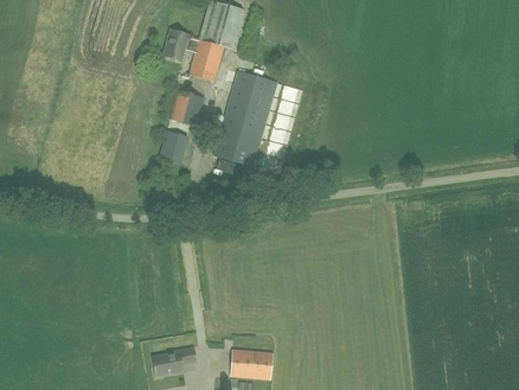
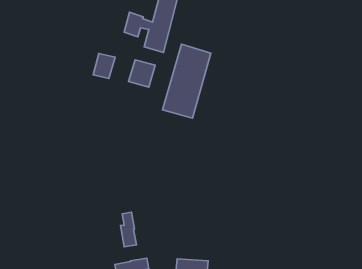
building: [159,132,187,164] -> [93,54,115,78]
building: none -> [120,212,136,247]

